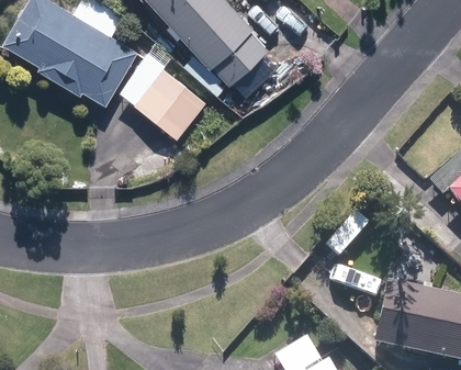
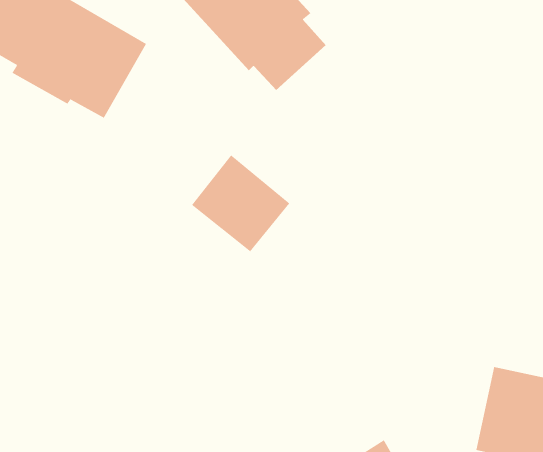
building: [134,66,205,136] -> [191,155,290,252]

